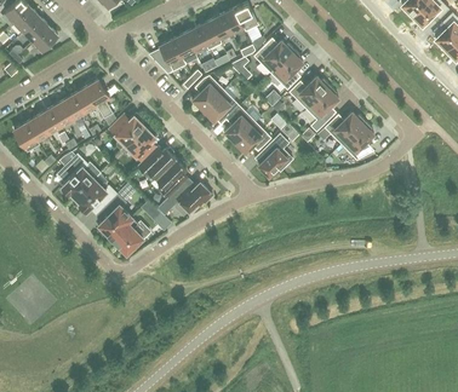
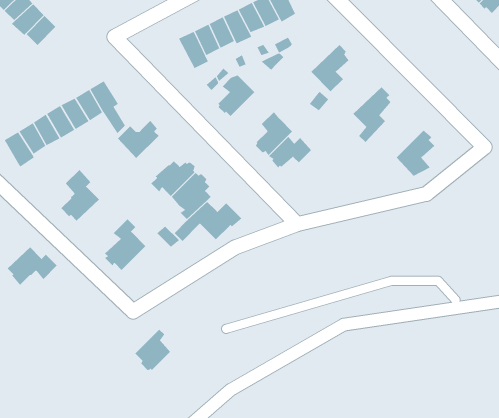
building: [252,40,293,73] -> none
building: [288,76,328,108] -> none
building: [202,90,239,121] -> none
building: [324,111,363,144] -> none
building: [125,126,156,160] -> none
building: [256,133,292,178] -> none
building: [74,179,116,212] -> [7,247,58,286]
building: [111,218,142,253] -> [135,329,171,371]

